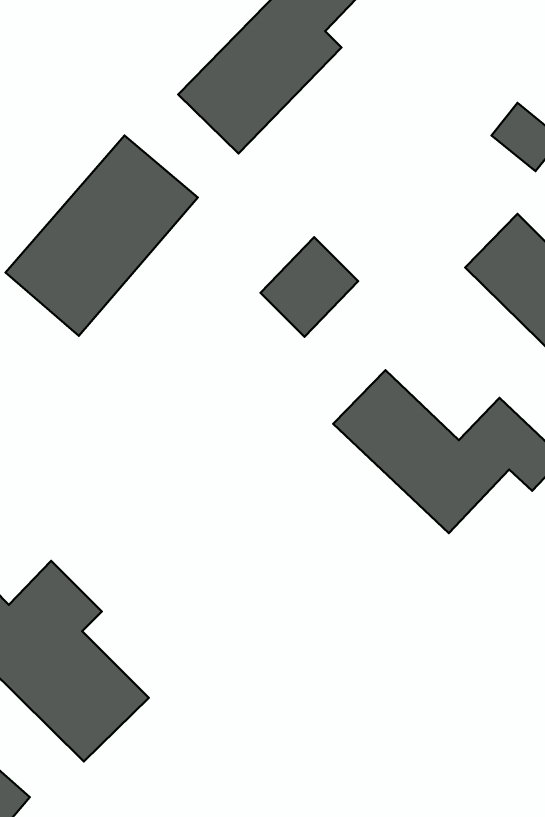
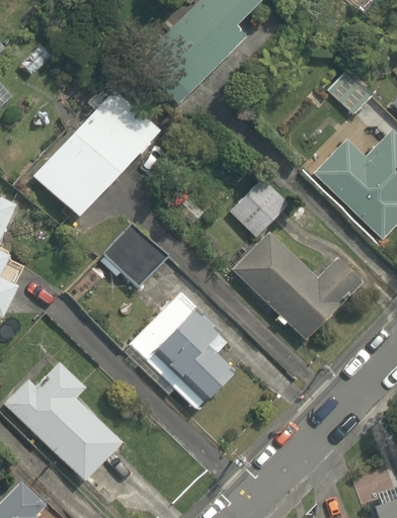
building: [260,237,358,337] -> [230,174,291,236]
building: none -> [100,223,170,289]
building: none -> [137,297,236,412]

